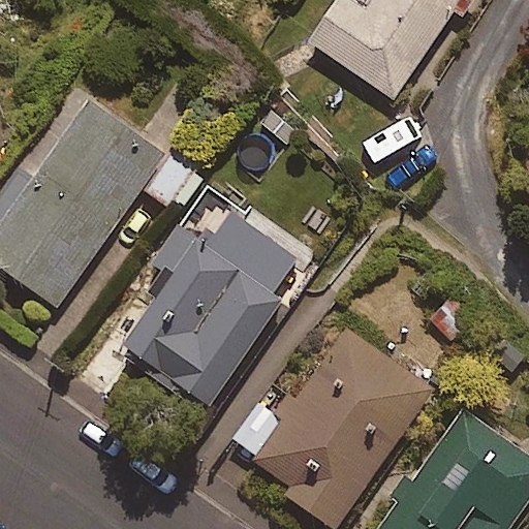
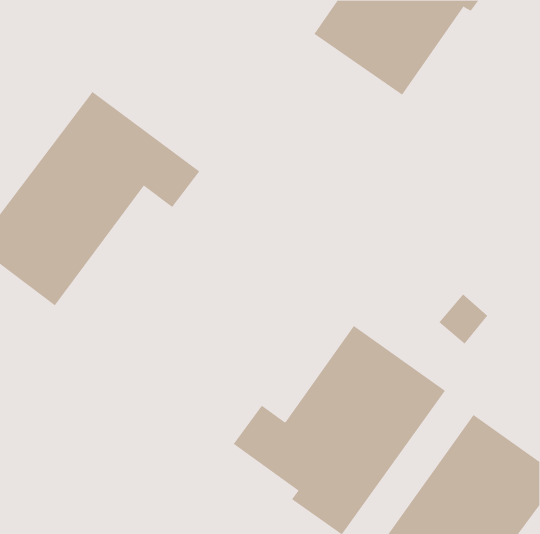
building: [124,211,298,405] -> none

